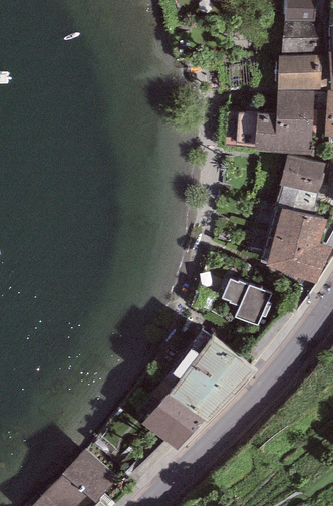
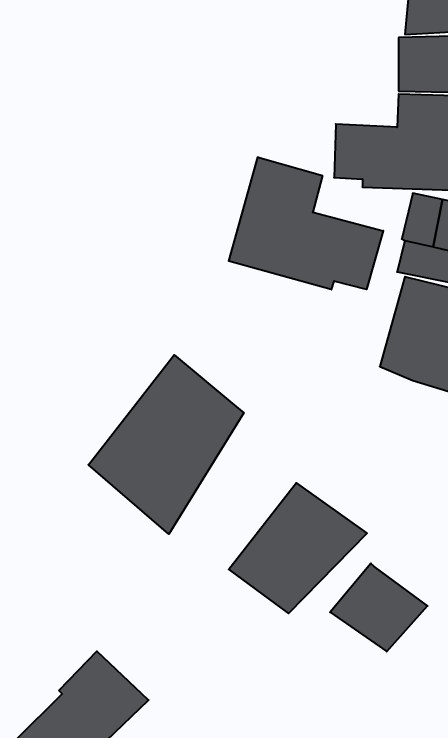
building: none -> [229,157,383,290]
building: none -> [88,355,244,534]
building: [222,277,271,324] -> none
building: [141,392,204,448] -> [330,563,428,652]

